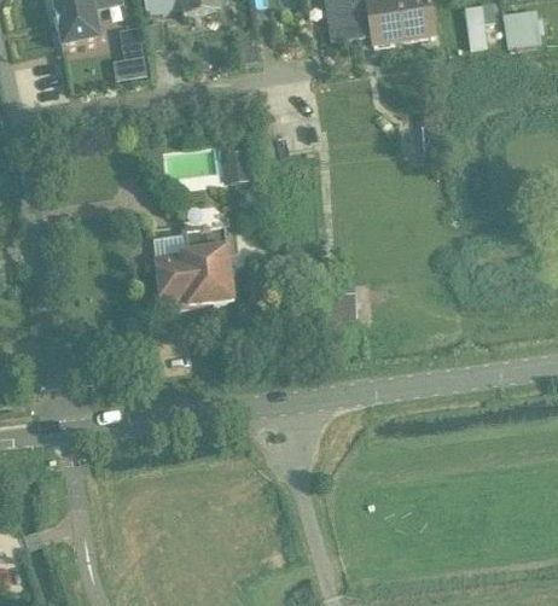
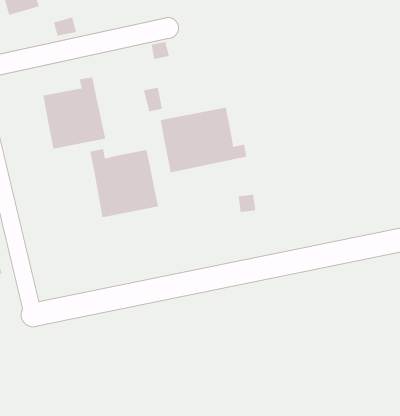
building: none -> [43,76,106,149]
building: none -> [160,107,247,173]

